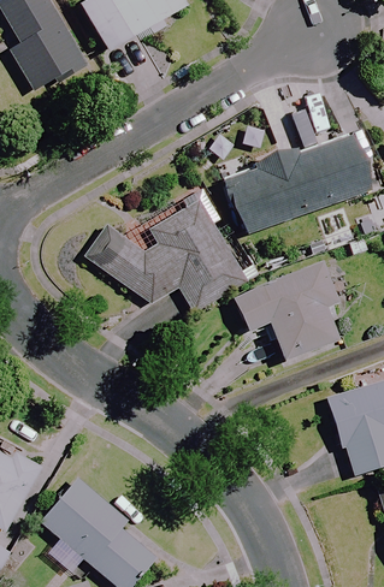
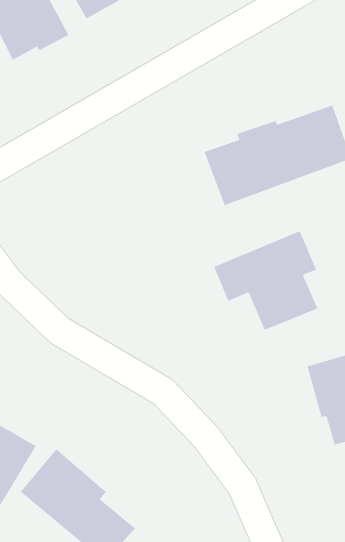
building: [85,200,246,307] -> none

